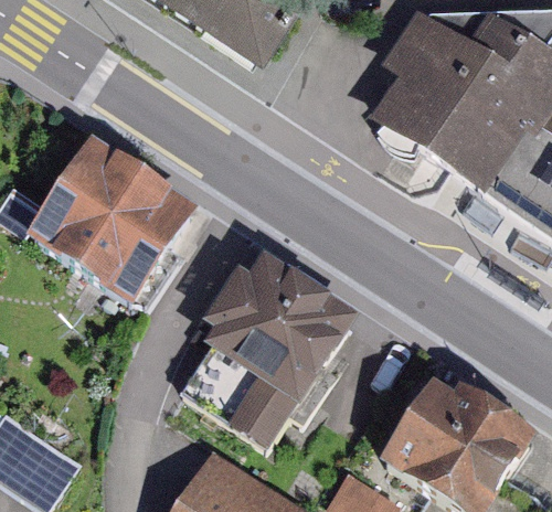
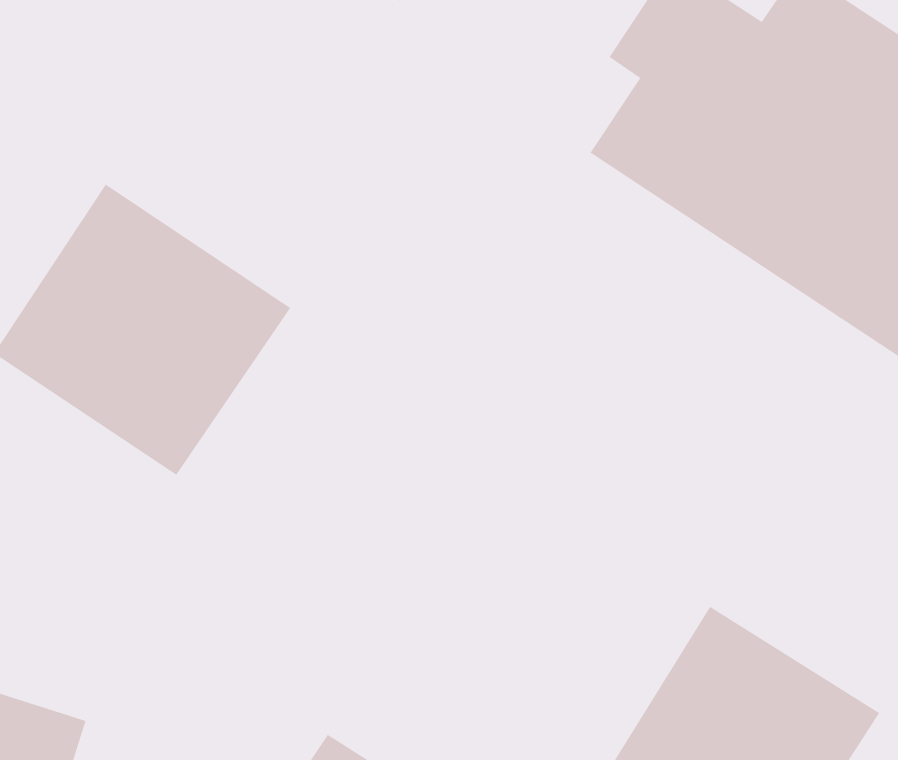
building: [198,256,358,448] -> none

